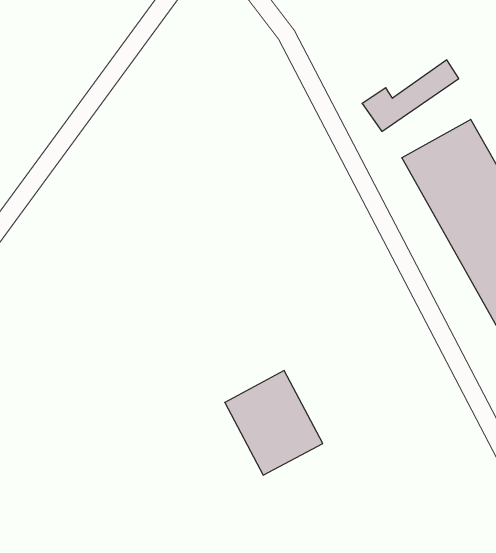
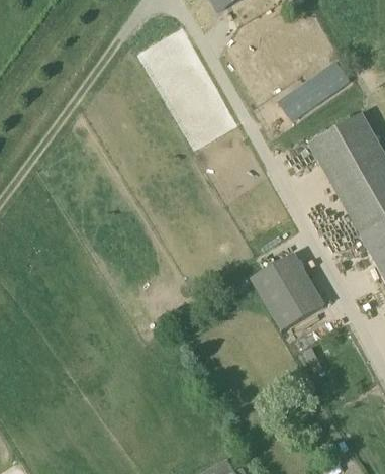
building: [225,371,323,475] -> [248,250,322,329]

